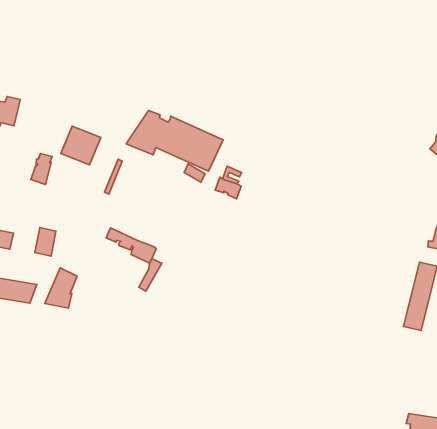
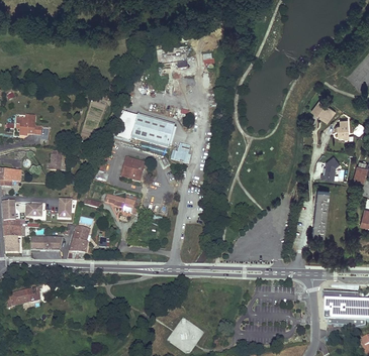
building: [61,126,101,165] -> [120,156,146,181]

